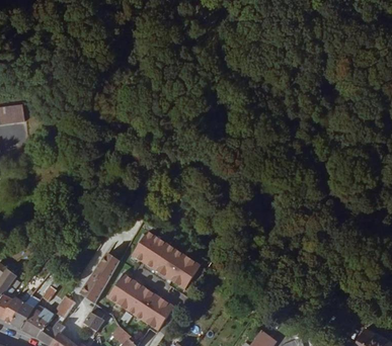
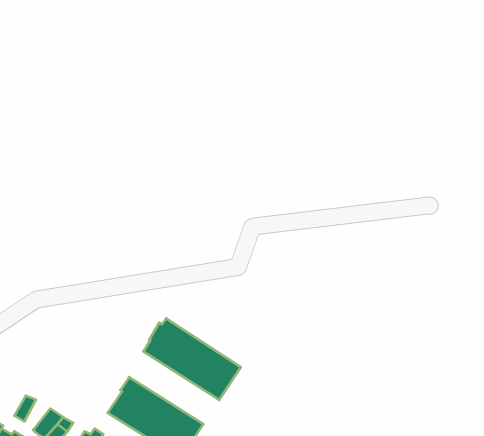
building: [80,252,120,302] -> none

